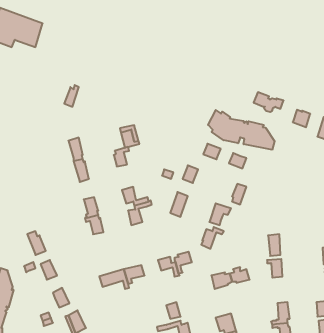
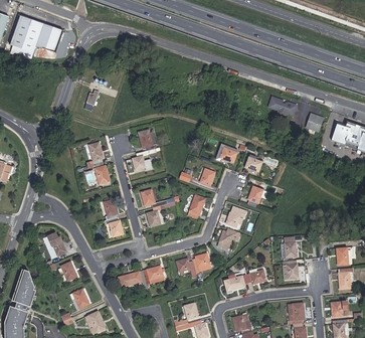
building: [208,110,275,150] -> none

